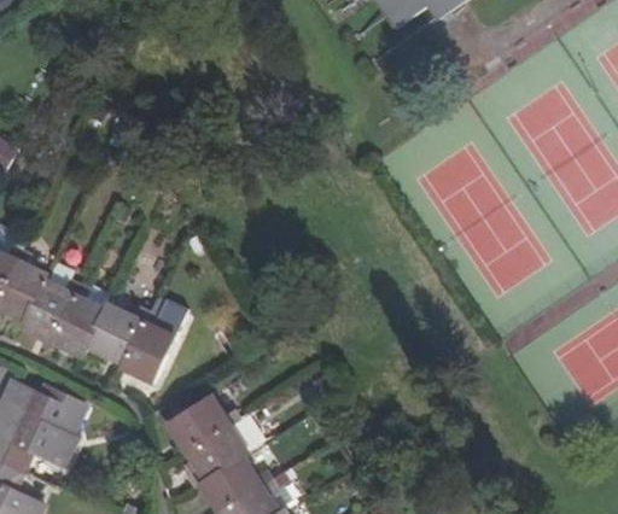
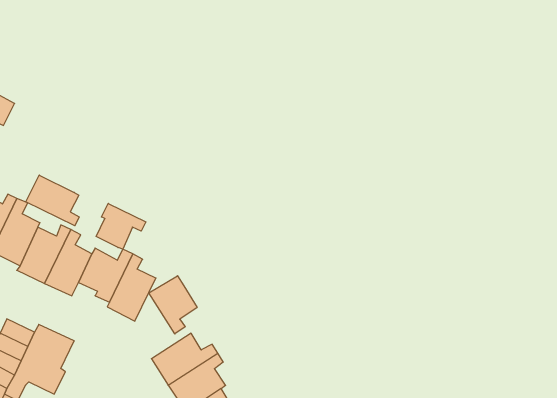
building: none -> [26,175,79,226]
building: none -> [96,203,146,249]
building: none -> [149,276,197,334]

